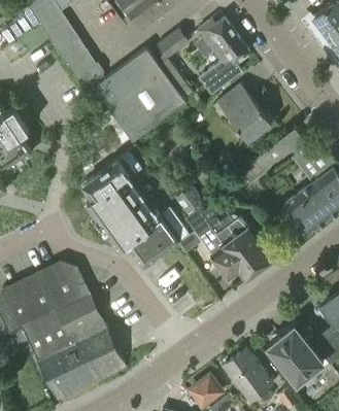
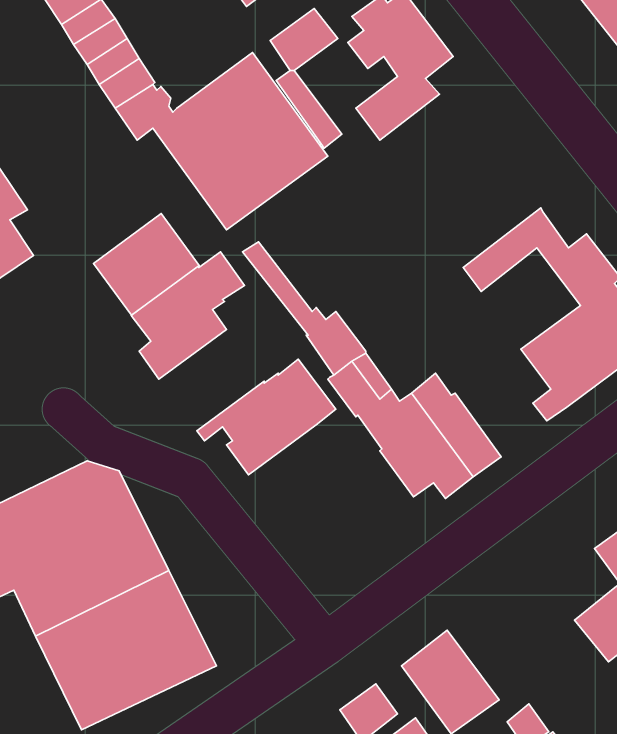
building: [211,84,271,142] -> none
building: [97,193,151,245] -> [94,214,199,315]
building: [268,327,324,383] -> none

